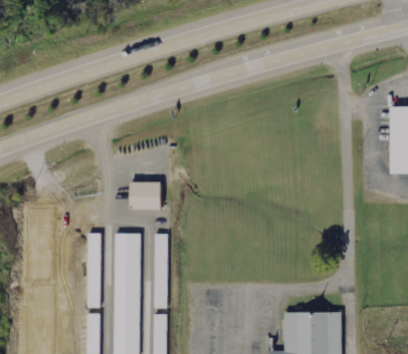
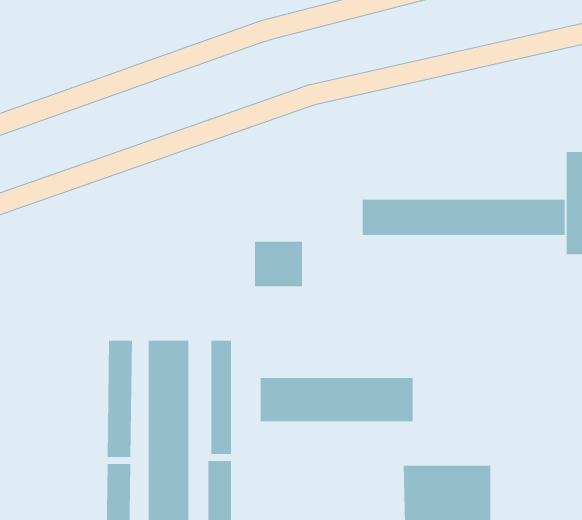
building: none -> [362,199,565,236]
building: [129,179,161,209] -> [254,241,303,287]
building: none -> [260,377,413,422]

